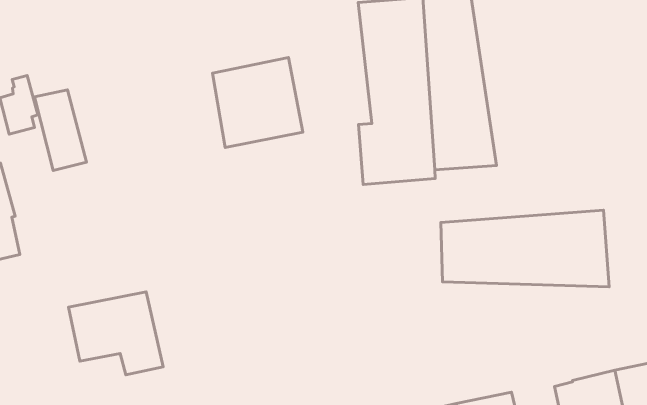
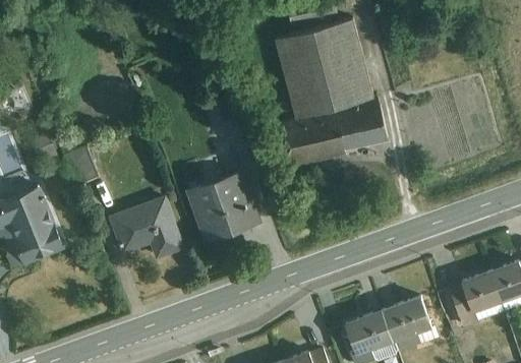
building: [212,58,303,147] -> [189,170,258,239]
building: [441,210,609,287] -> none
building: [69,292,163,375] -> [111,196,183,256]

